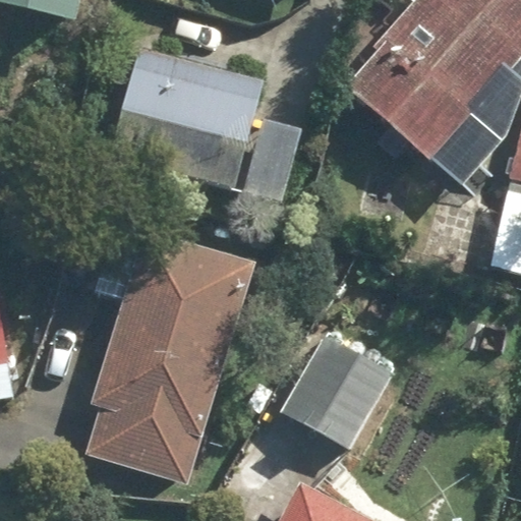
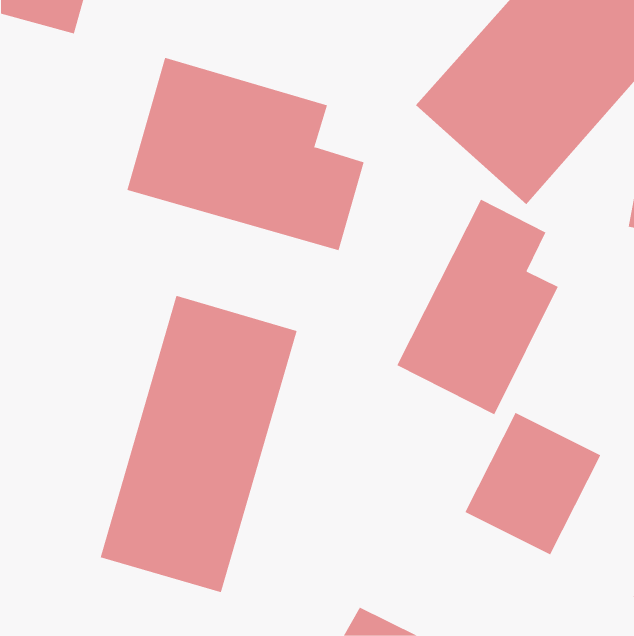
building: none -> [396,199,558,415]
building: [281,333,391,448] -> [464,412,601,555]

